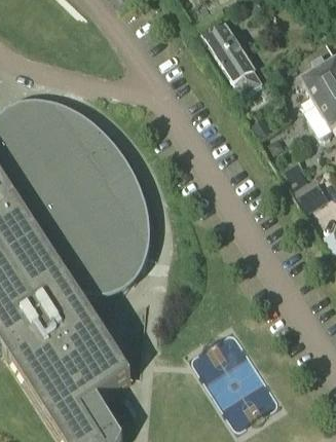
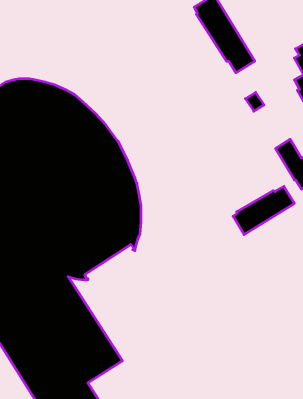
building: none -> [233,186,294,235]

